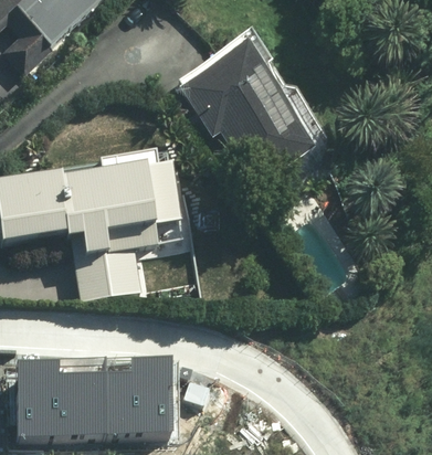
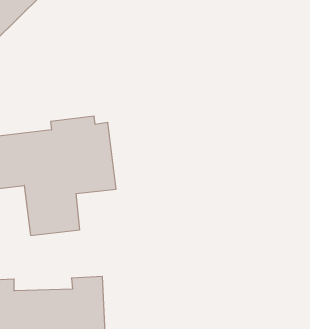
building: [173,31,329,188] -> none

